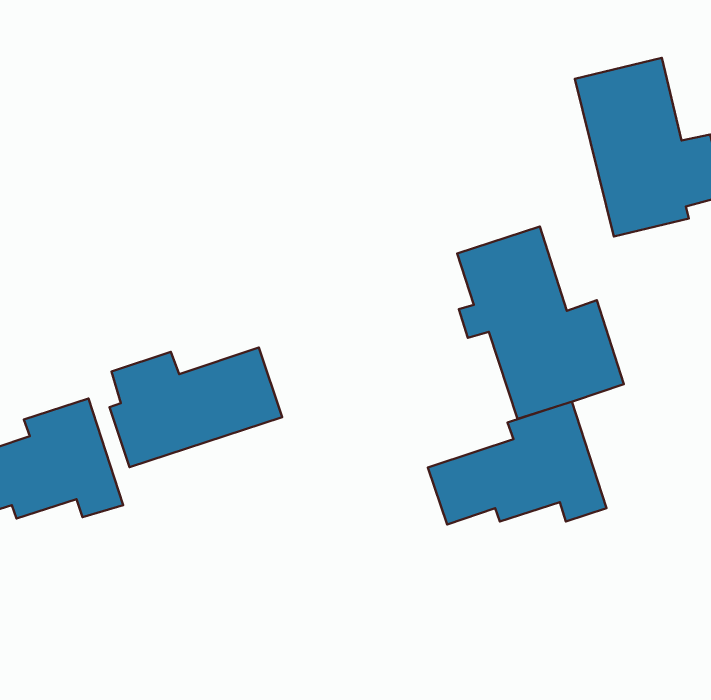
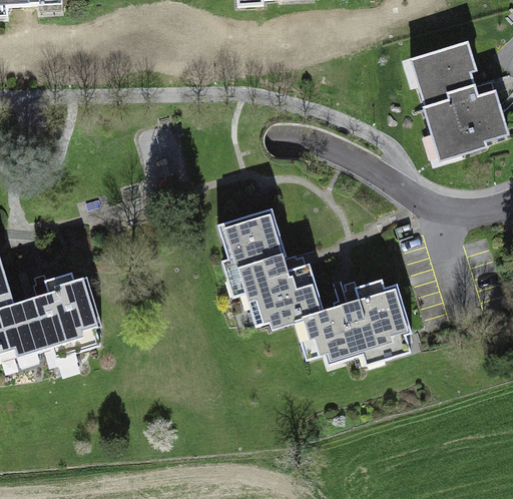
building: [457,227,624,419] -> [224,201,336,330]
building: [109,348,282,467] -> none

